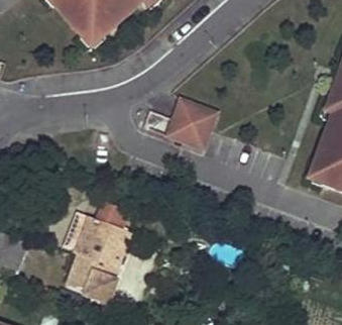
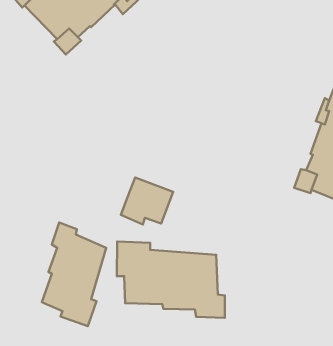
building: [166,94,215,137] -> [121,178,173,225]
building: none -> [117,242,225,318]

